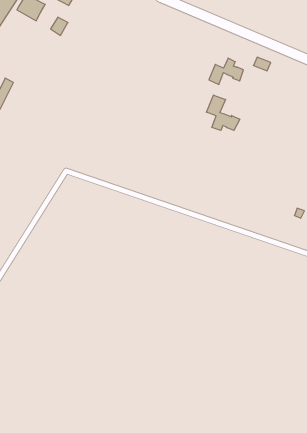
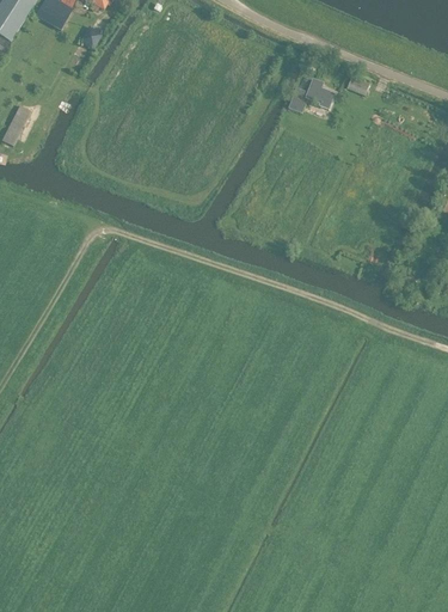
building: [206,95,240,130] -> none

